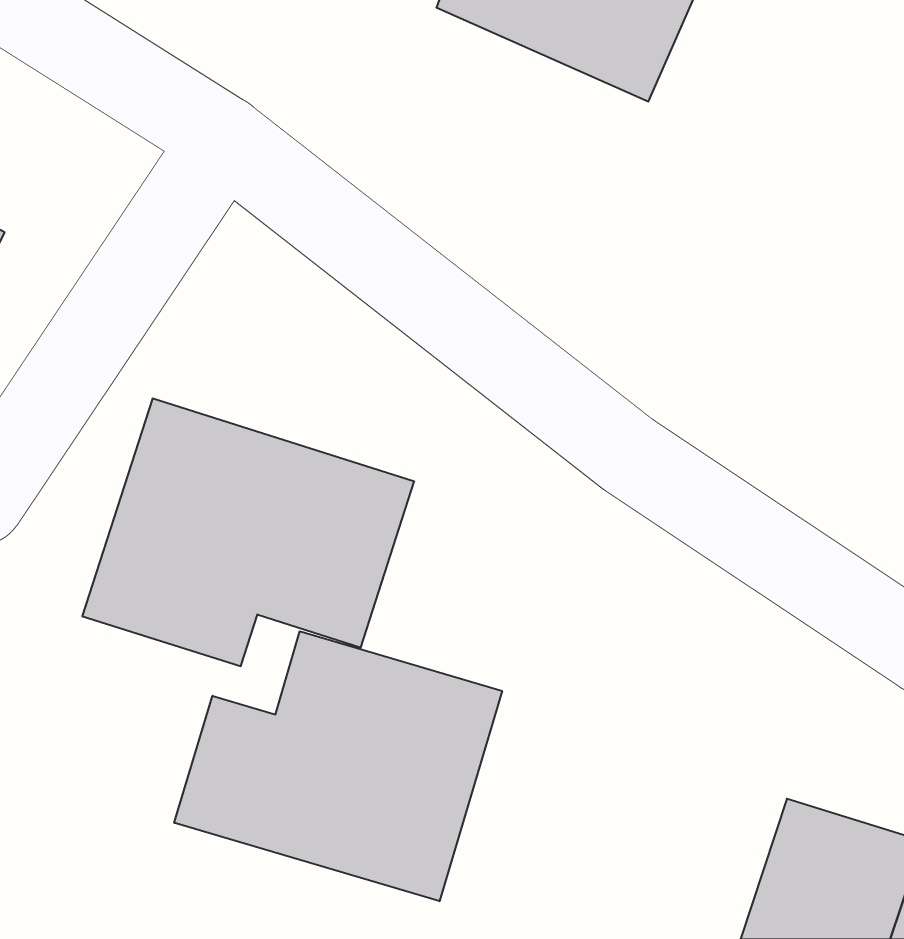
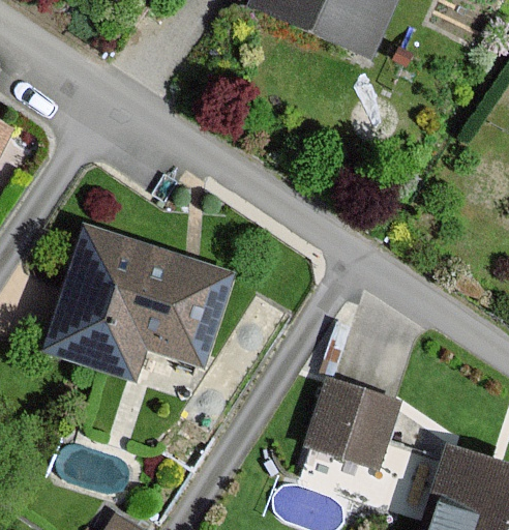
building: [174,631,502,901] -> none
building: none -> [307,383,395,467]

